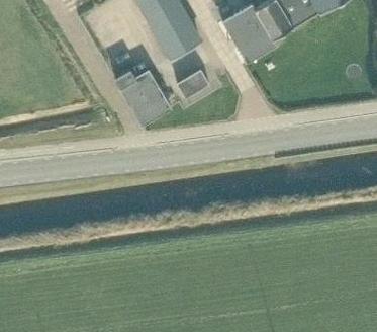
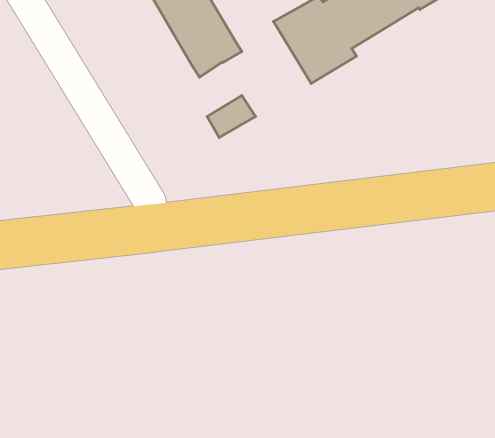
building: [114,71,169,125] -> none

